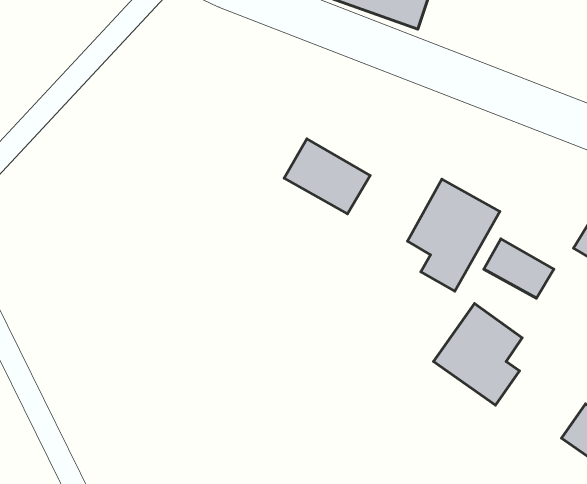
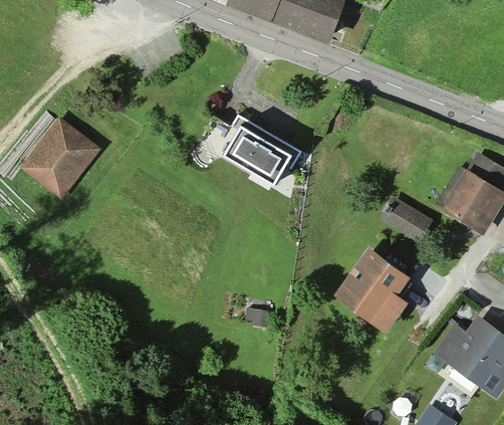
building: none -> [25,119,97,194]
building: [408,179,500,291] -> none

